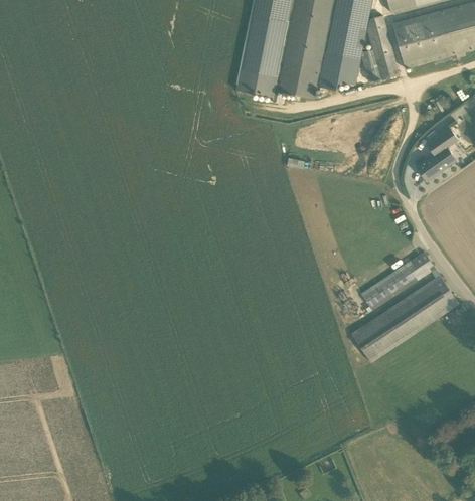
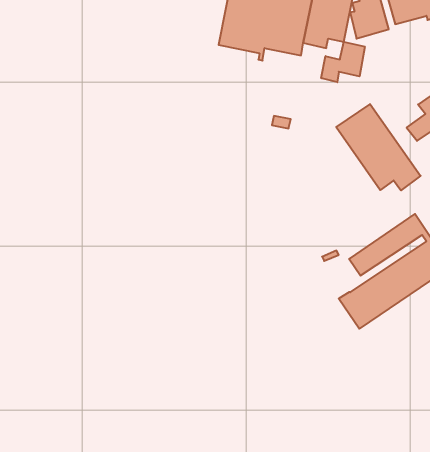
building: none -> [321,42,365,82]
building: none -> [336,104,421,190]

